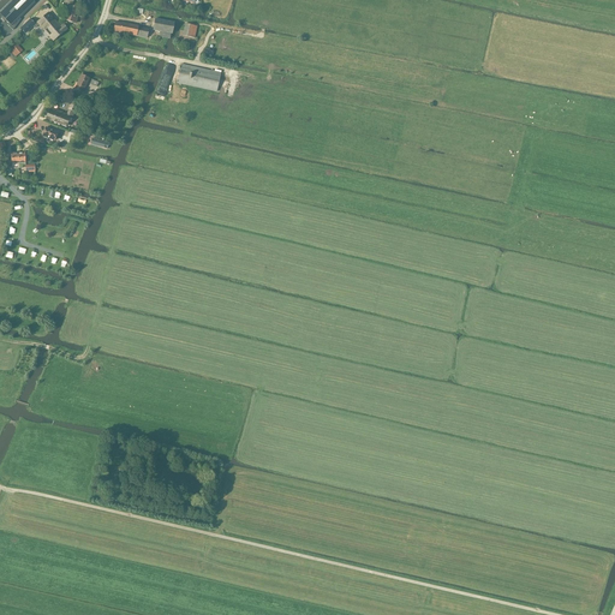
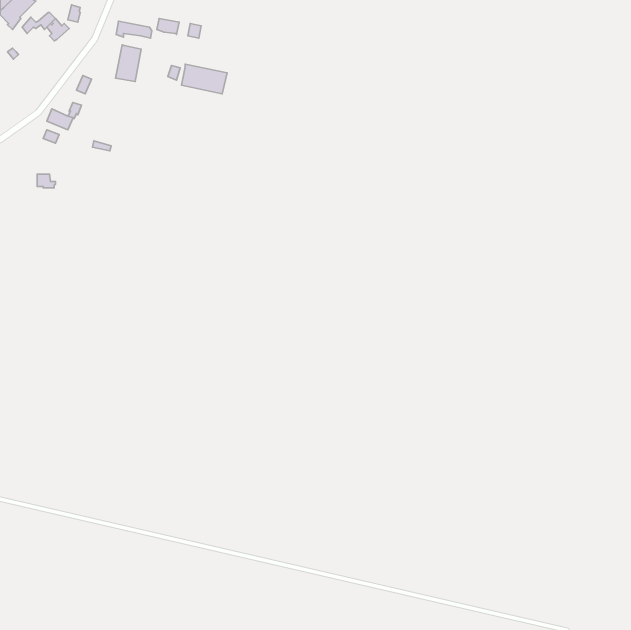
building: none -> [115,45,141,82]

